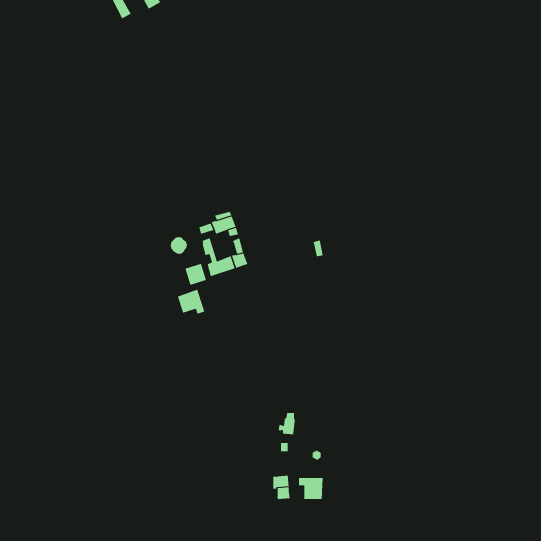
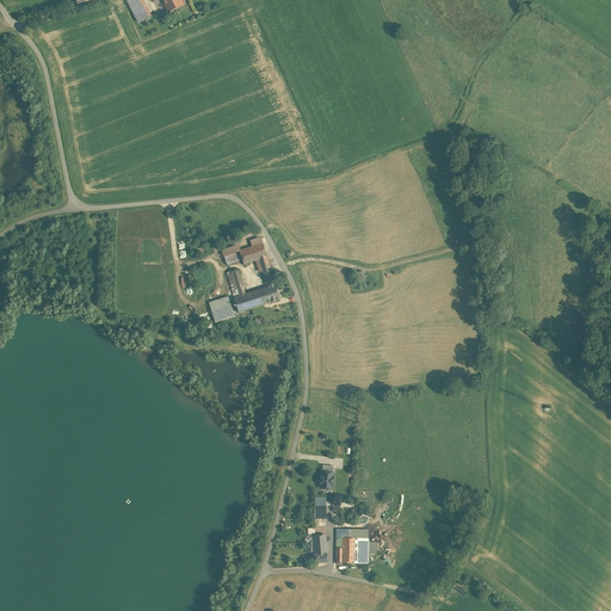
building: [177,289,205,314] -> none

